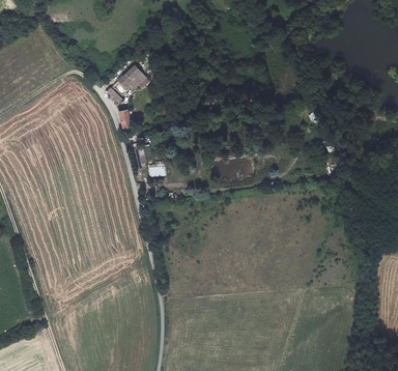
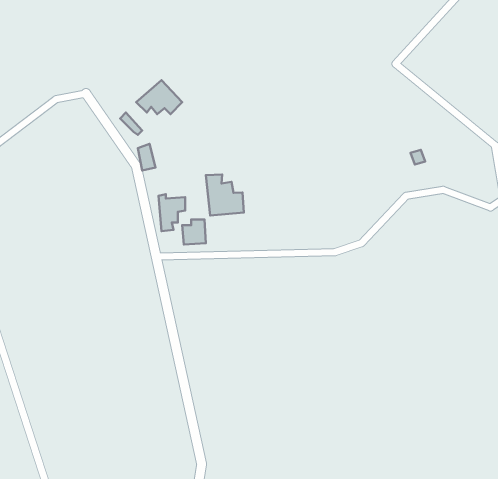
building: none -> [206,175,244,215]

